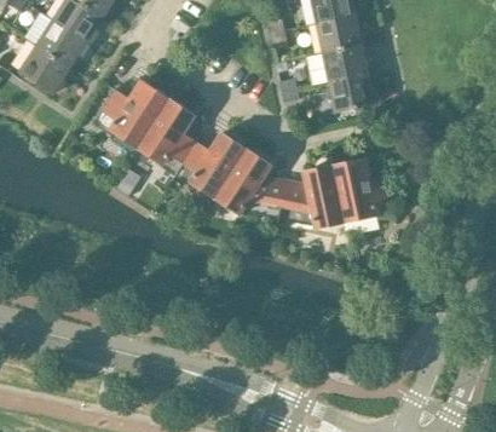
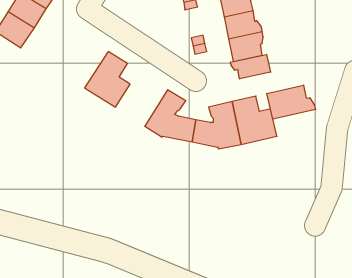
building: [96,81,168,148] -> none
building: none -> [231,54,271,79]
building: [178,132,247,198] -> none
building: none -> [267,85,316,119]

